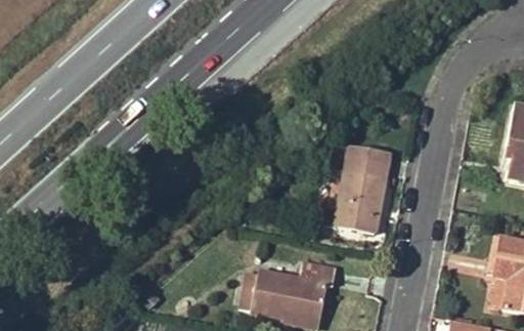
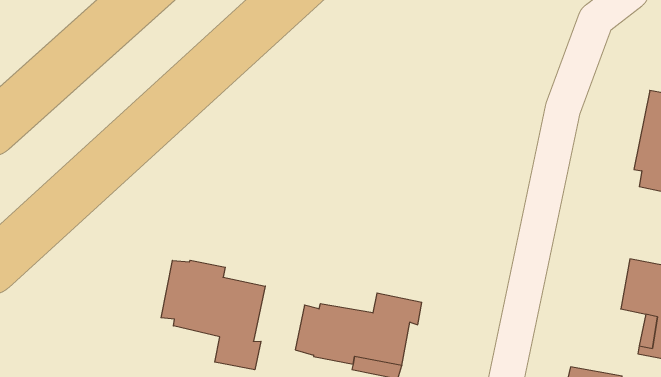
building: [335,143,389,235] -> none
building: none -> [161,260,265,370]

